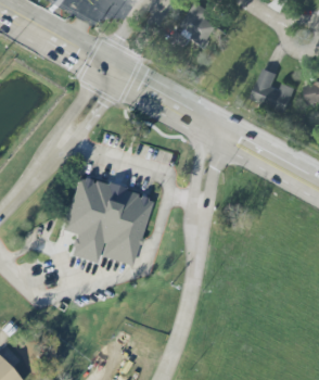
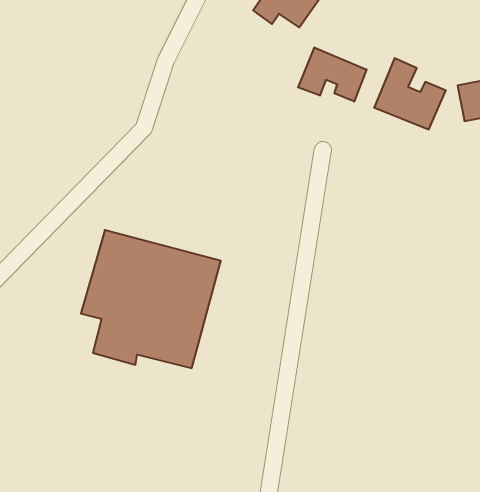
building: none -> [298,47,367,102]

